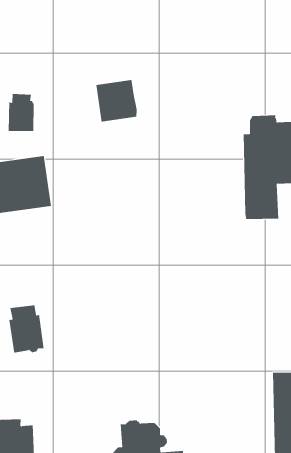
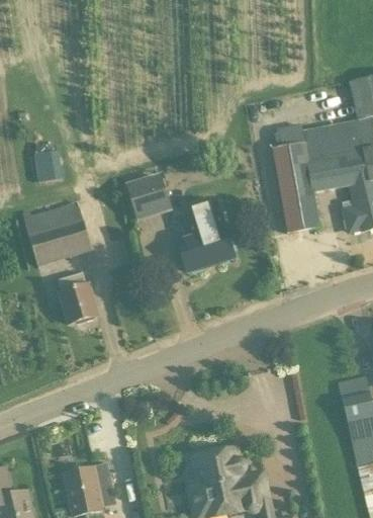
building: [96,79,137,122] -> [124,172,171,220]
building: none -> [179,201,235,271]
building: [9,305,45,353] -> [58,272,99,324]

